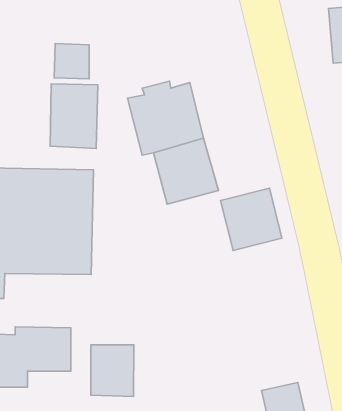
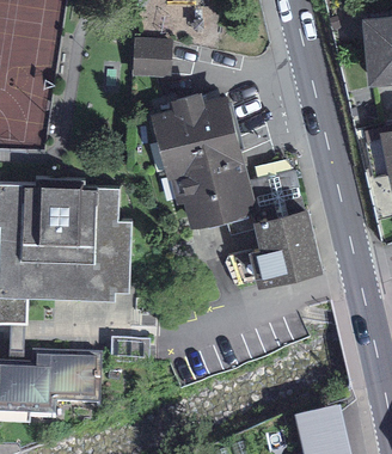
building: [54,44,89,79] -> [133,33,170,70]
building: [50,84,98,149] -> none
building: [91,345,134,396] -> none

